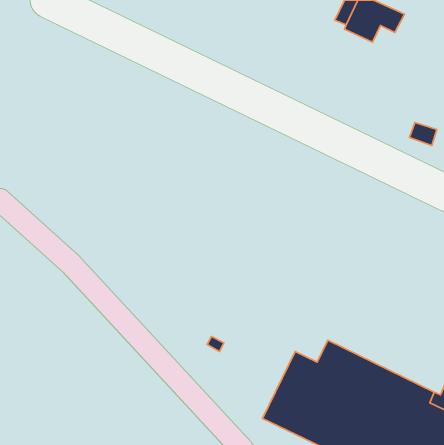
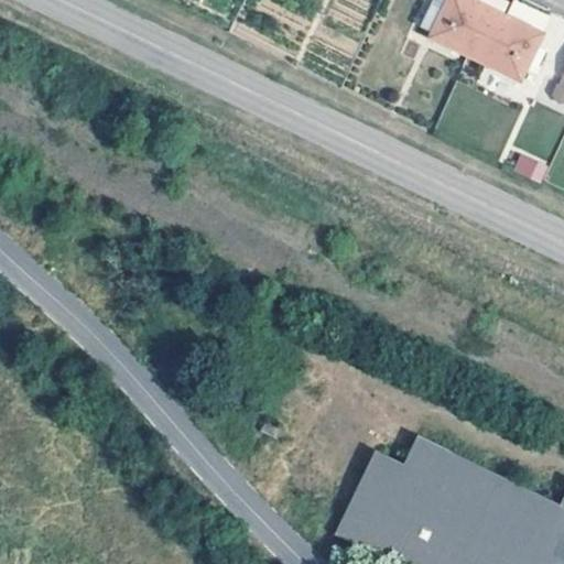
building: none -> [474,24,546,85]

